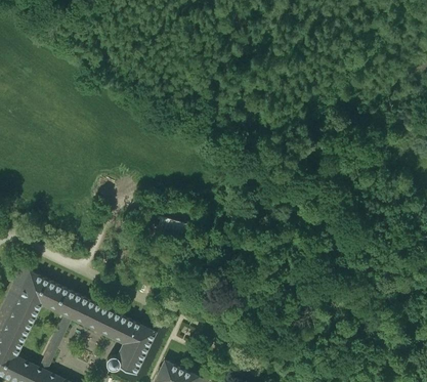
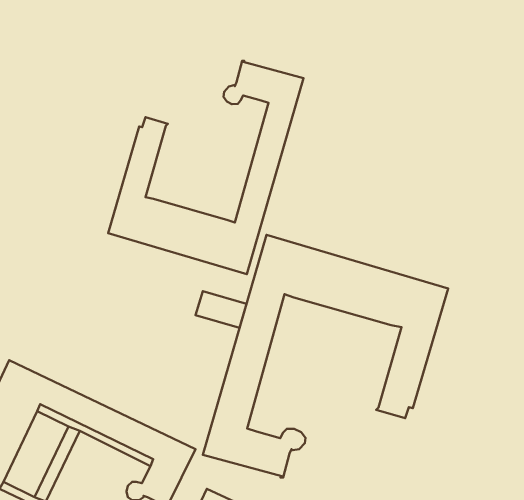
building: none -> [108,61,304,274]
building: none -> [203,235,448,477]

